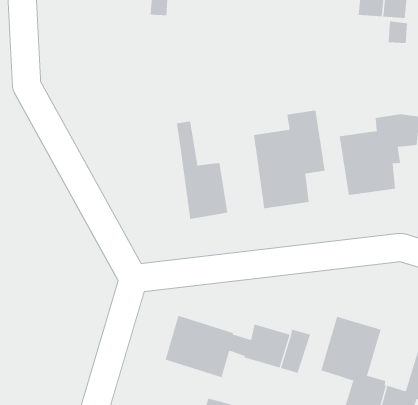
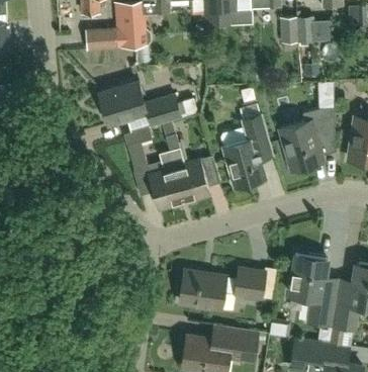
building: none -> [99,82,196,124]
building: none -> [123,129,183,208]

